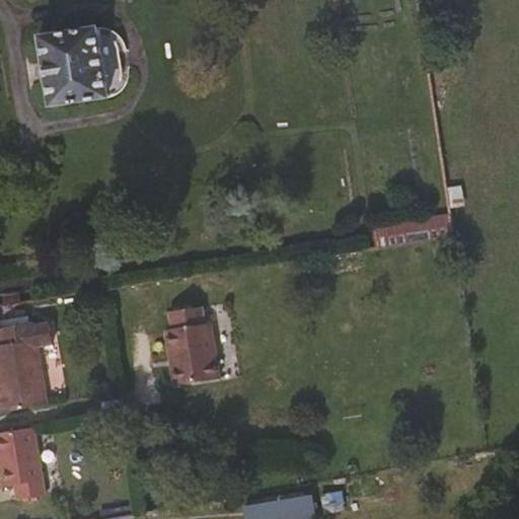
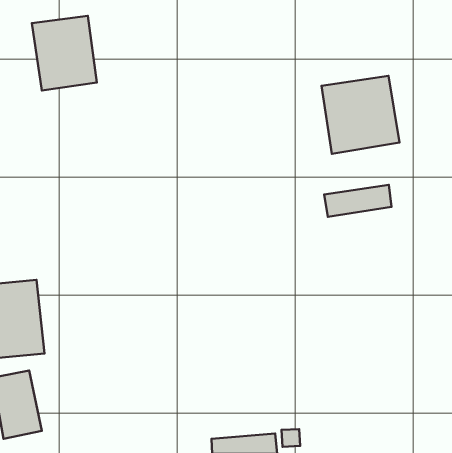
building: none -> [322,76,399,154]
building: [161,303,220,385] -> none

